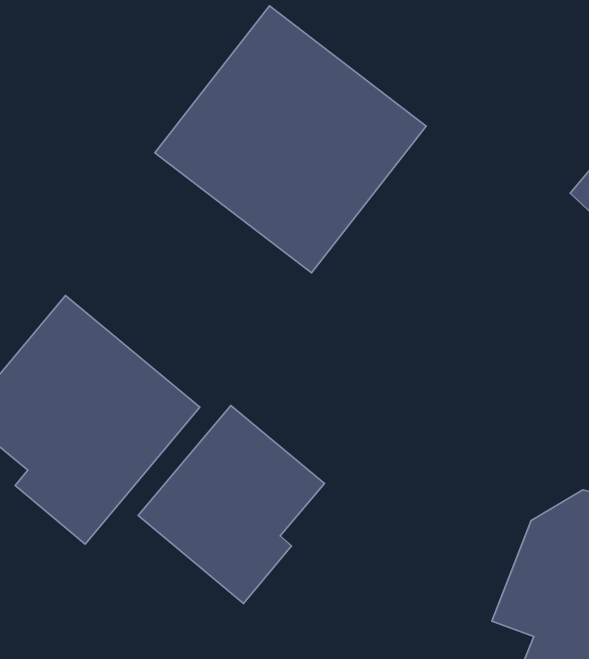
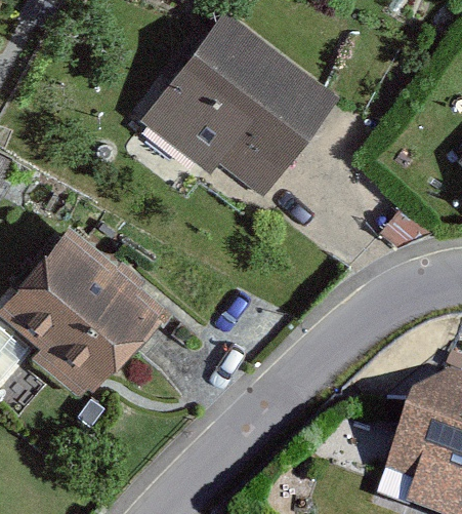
building: [138,405,324,604] -> none

